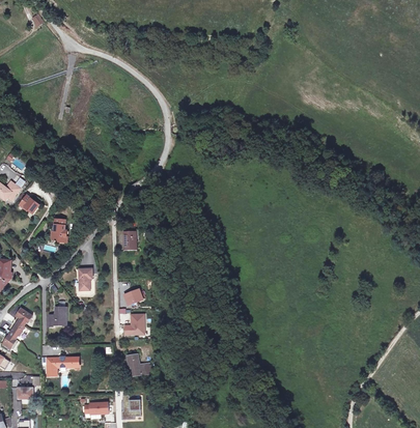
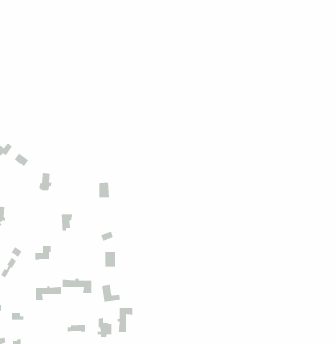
building: none -> [62,278,92,294]
building: none -> [117,307,133,333]

